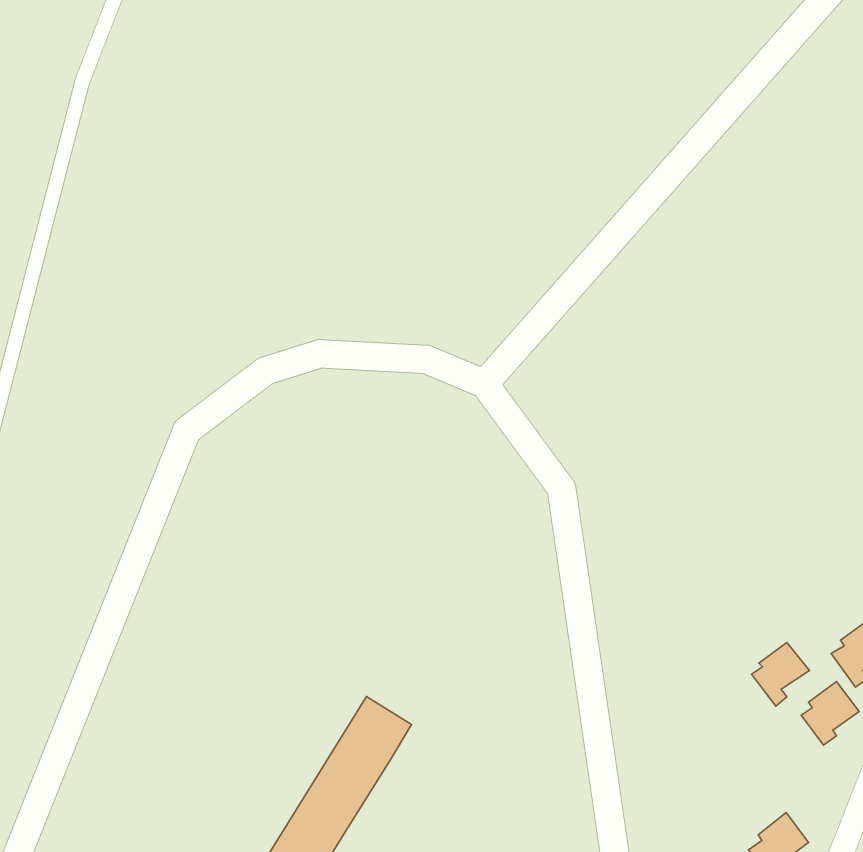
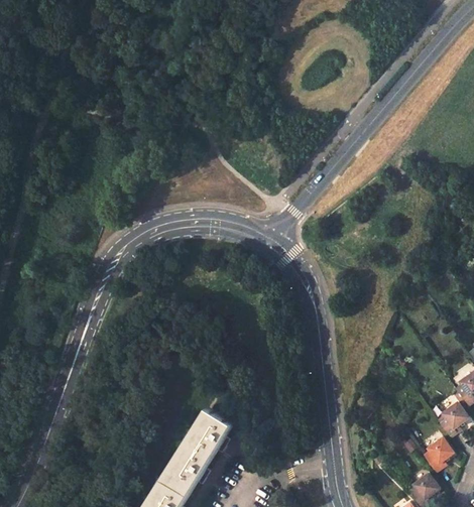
building: [751,642,809,706] -> [425,437,456,472]

